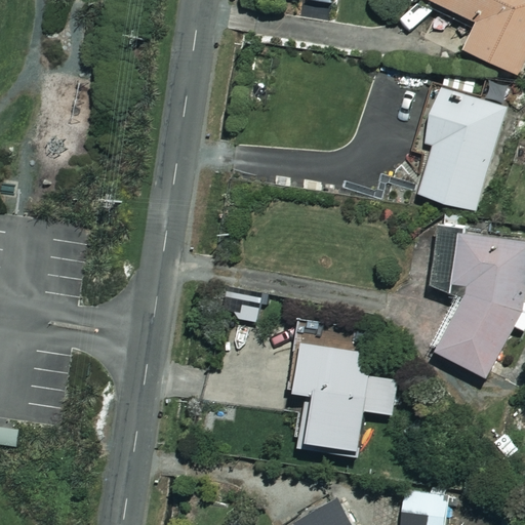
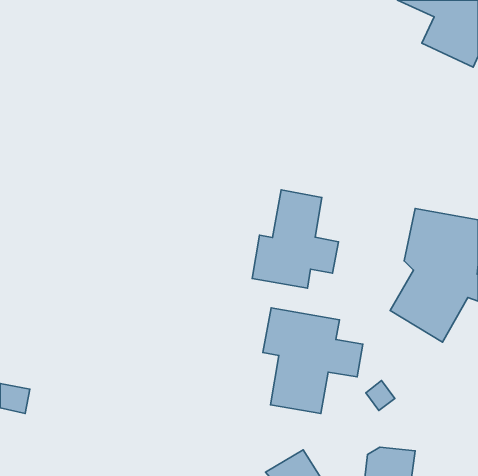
building: [417,87,508,212] -> none
building: none -> [252,190,338,288]

